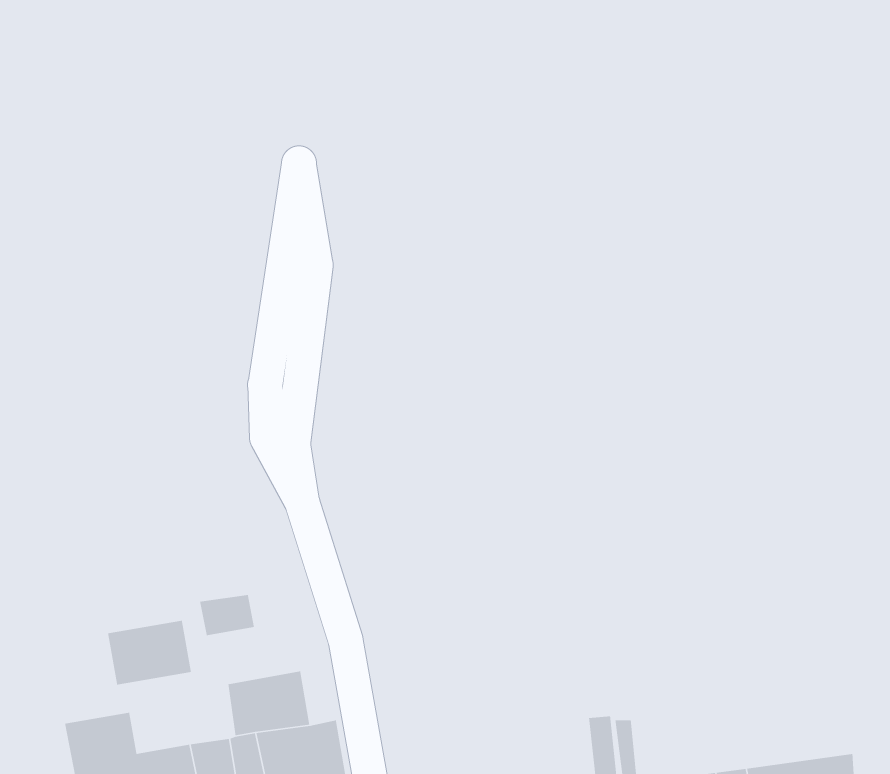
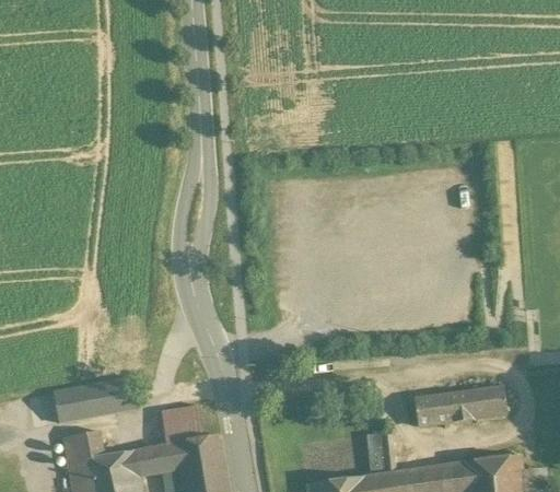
building: [199,594,255,636] -> none
building: none -> [55,387,93,424]
building: none -> [415,388,508,426]

